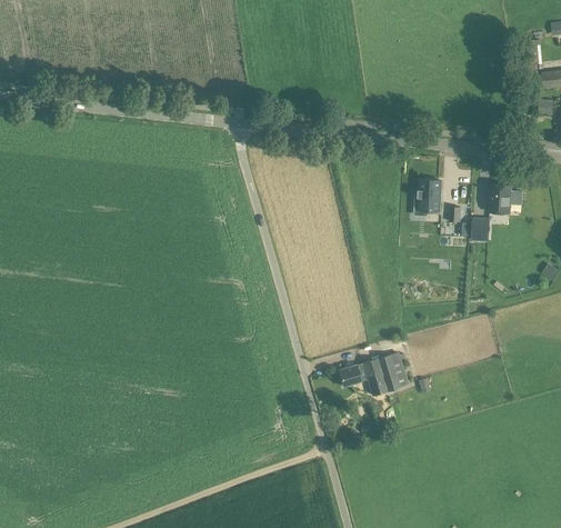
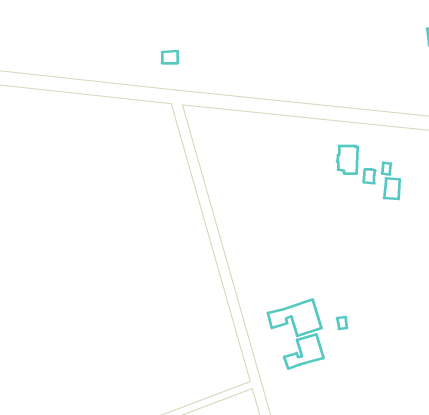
building: [490,185,512,213] -> none
building: none -> [284,334,323,369]

